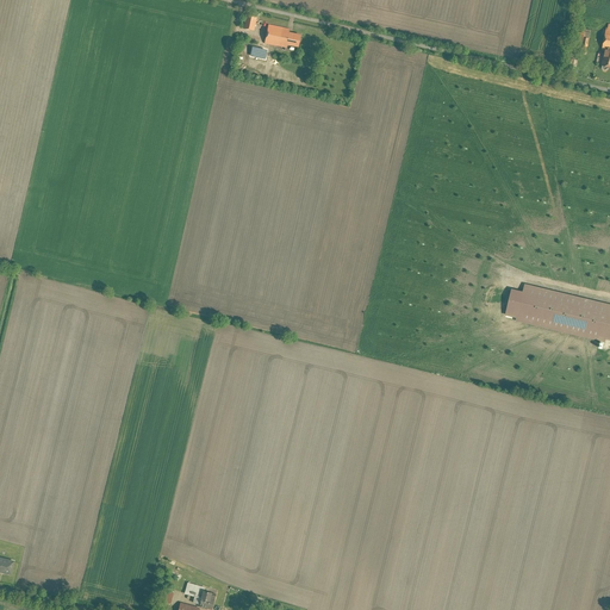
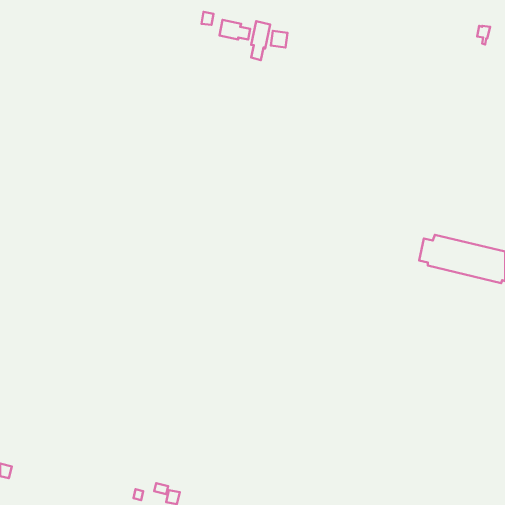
building: none -> [251,21,270,60]

